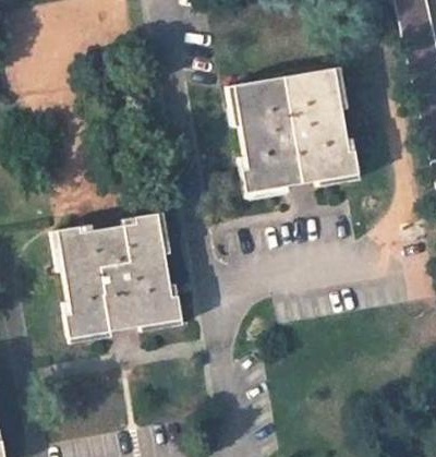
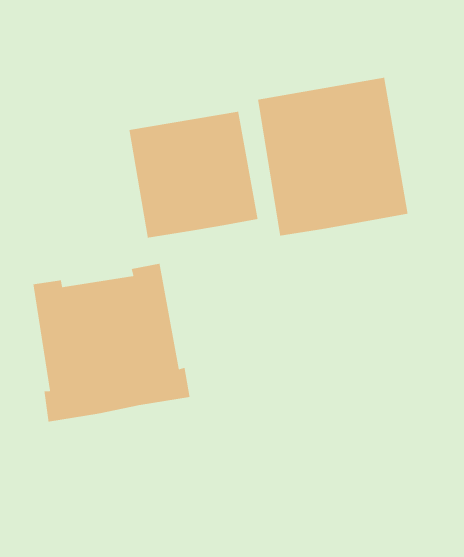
building: none -> [129,111,259,238]

